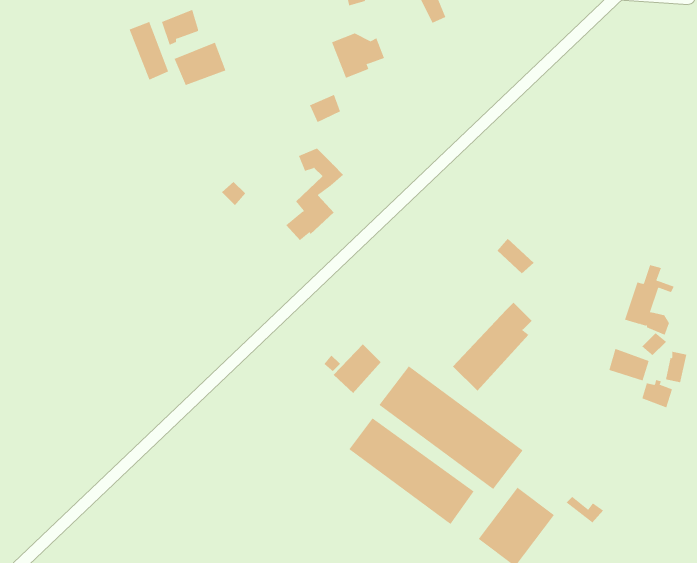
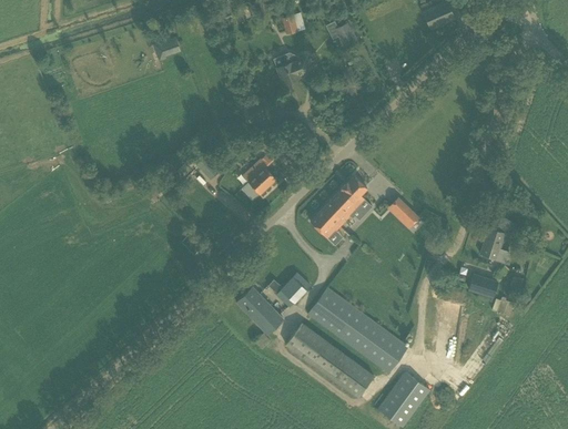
building: [129,21,169,81] -> none
building: [174,42,226,86] -> none
building: [452,302,532,392] -> [311,175,367,238]
building: none -> [236,286,282,333]

